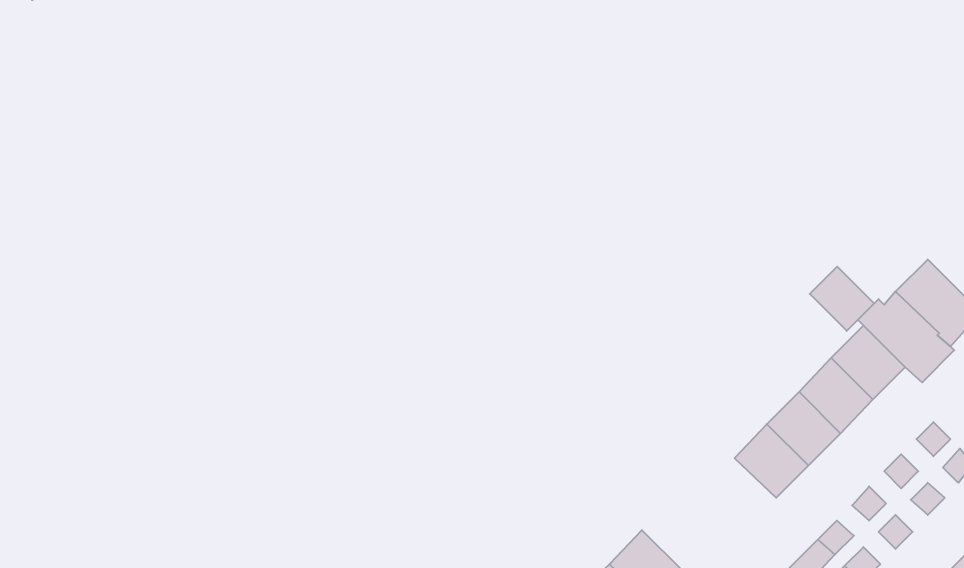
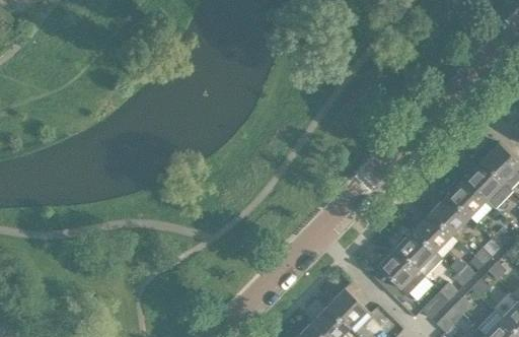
building: [810,267,874,331] -> none
building: none -> [377,249,424,295]

